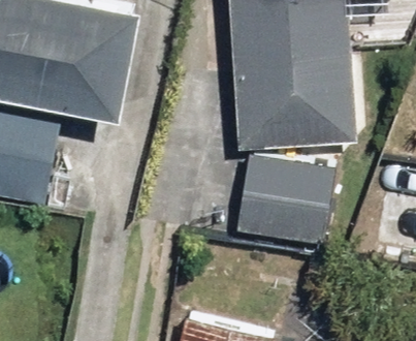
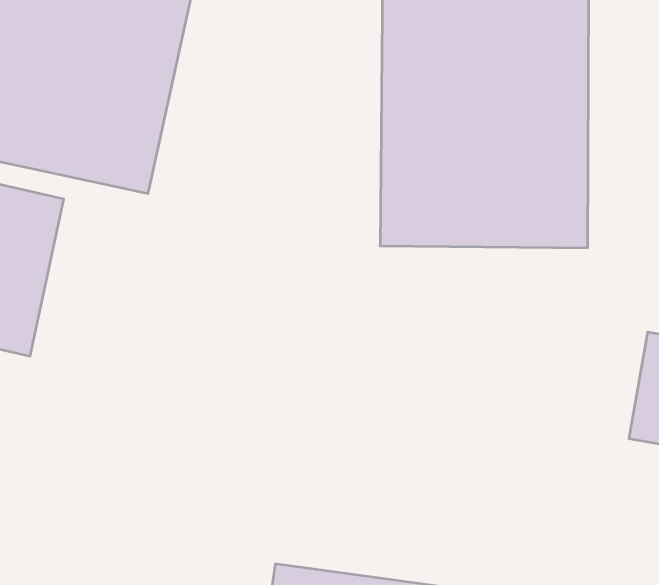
building: [237,155,338,245] -> none

